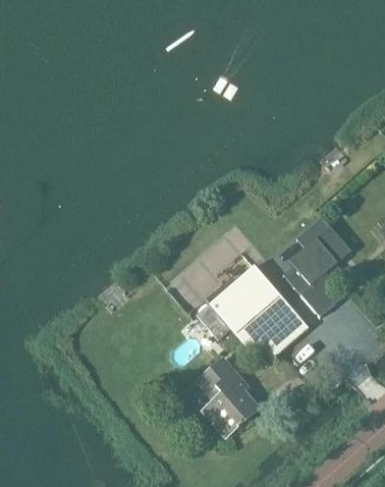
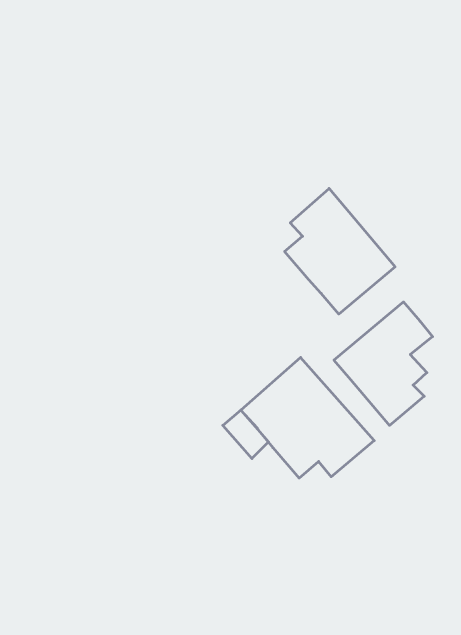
building: none -> [285,188,395,314]
building: [198,356,253,432] -> none

